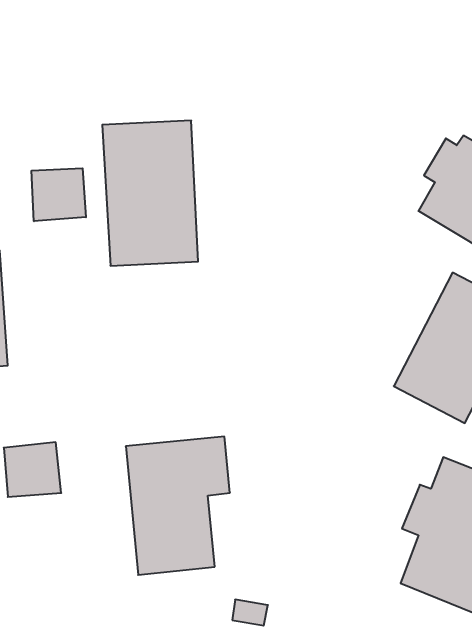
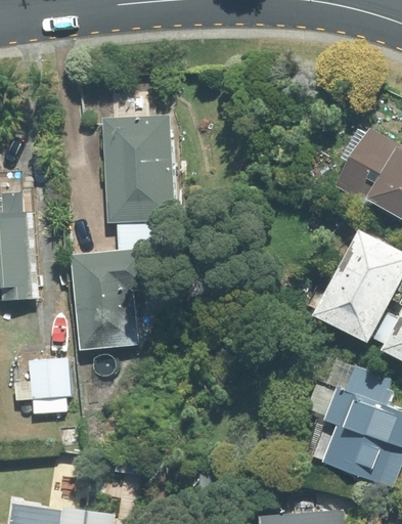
building: [32,168,86,221] -> none
building: [126,437,230,575] -> [71,248,148,351]

